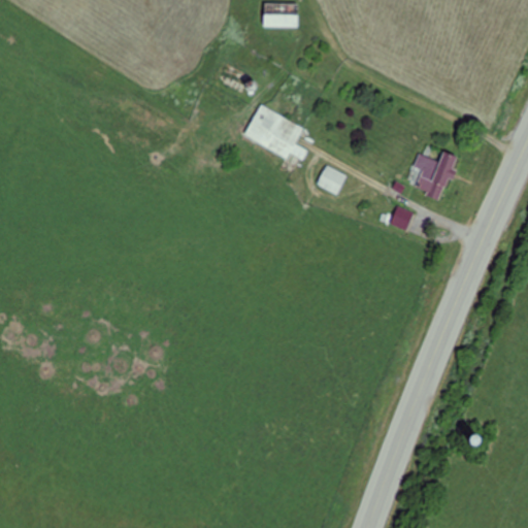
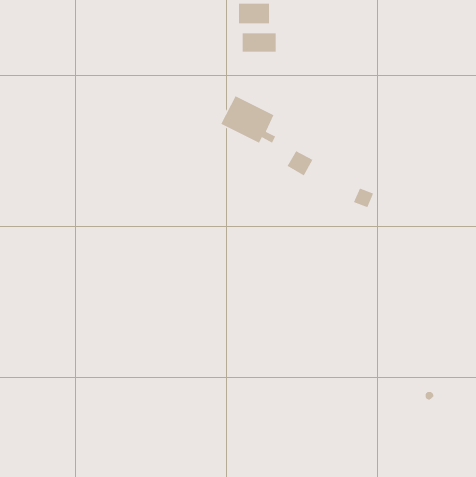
building: none -> [242,32,277,52]
building: [415,147,456,201] -> none

